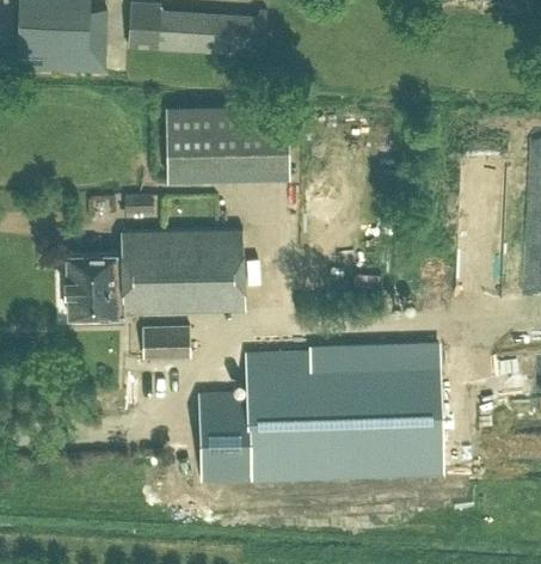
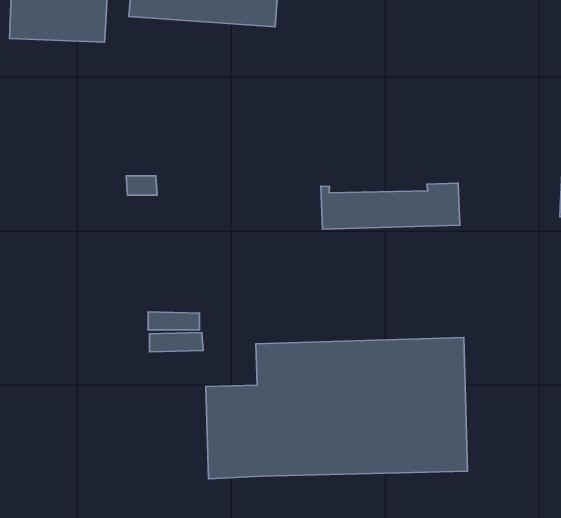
building: [161,105,285,182] -> none
building: none -> [321,183,460,229]
building: [66,229,245,318] -> none

